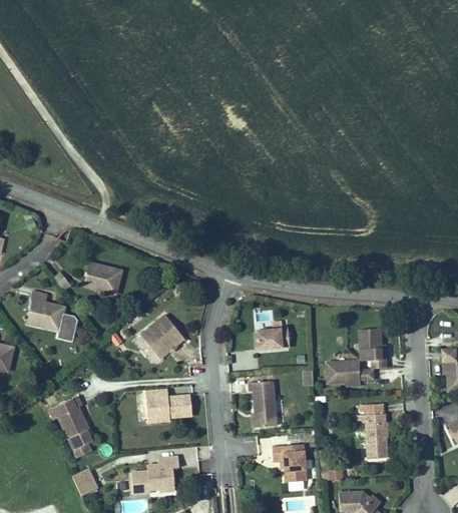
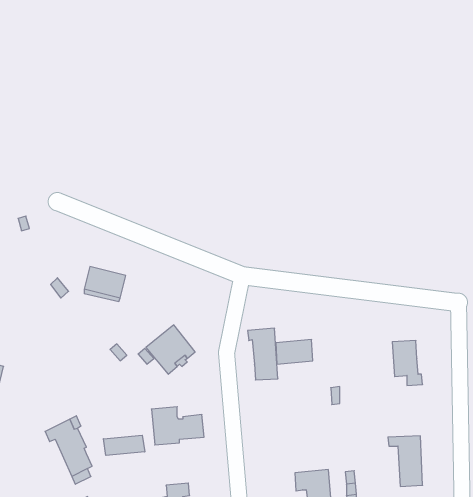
building: [28,291,78,342] -> none
building: [327,361,374,384] -> none
building: [249,381,276,427] -> [248,328,278,380]
building: none -> [103,435,145,455]

